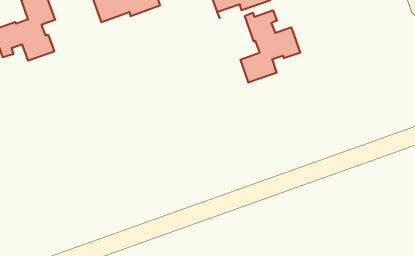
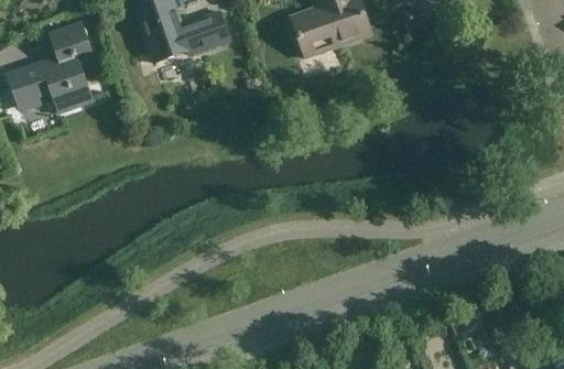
building: [240,10,300,83] -> none

